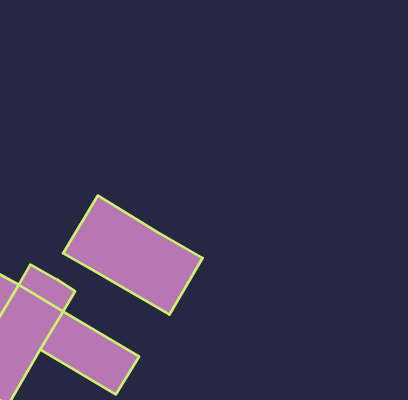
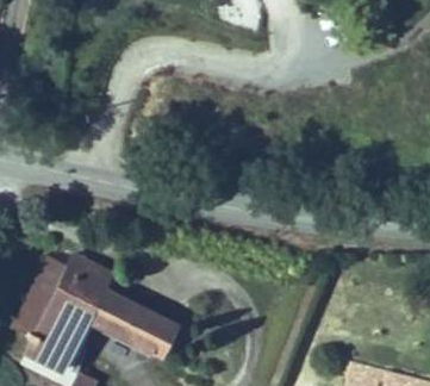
building: [63,196,203,315] -> none

